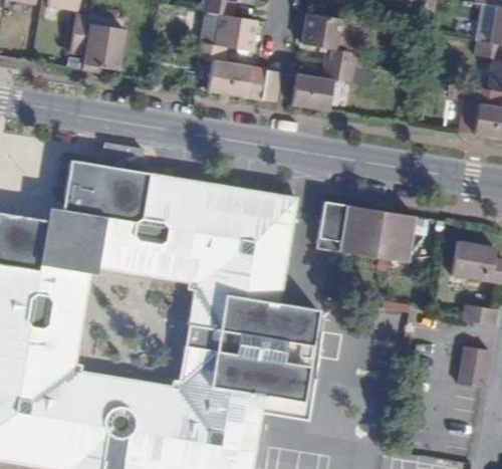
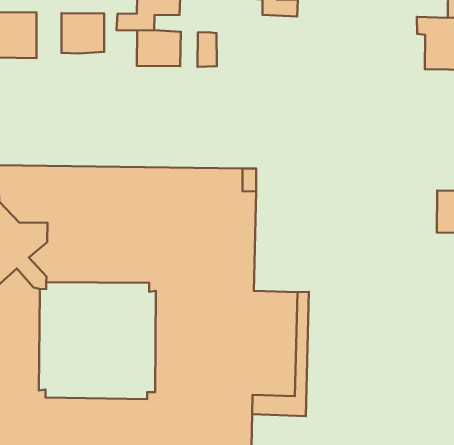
building: none -> [62,13,104,53]
building: [290,62,353,110] -> none
building: [318,201,415,262] -> none

